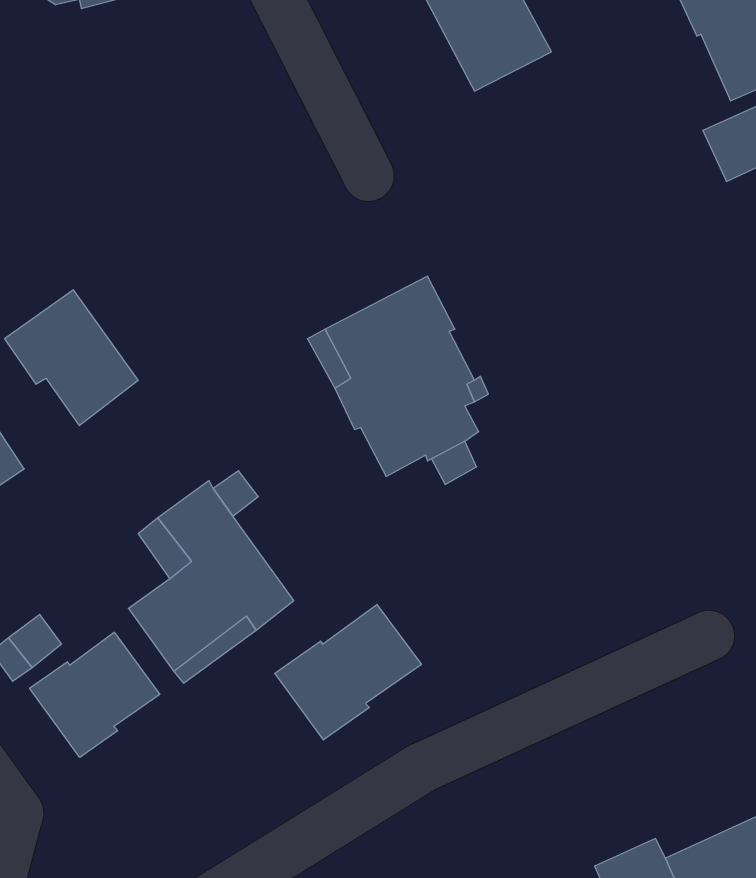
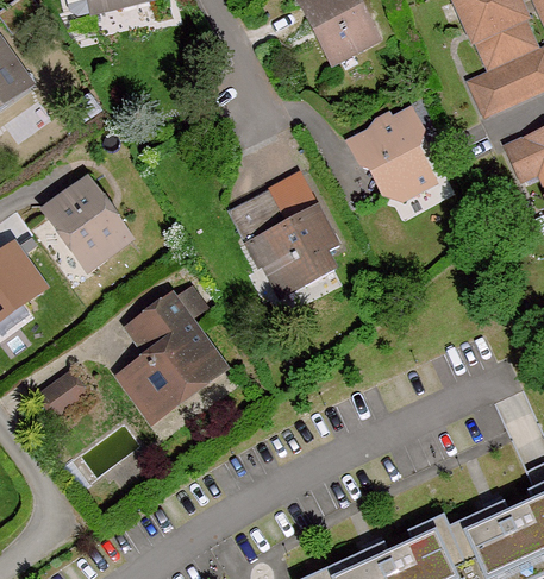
building: none -> [352,113,438,201]
building: [275,604,421,740] -> none
building: [30,632,160,757] -> none

